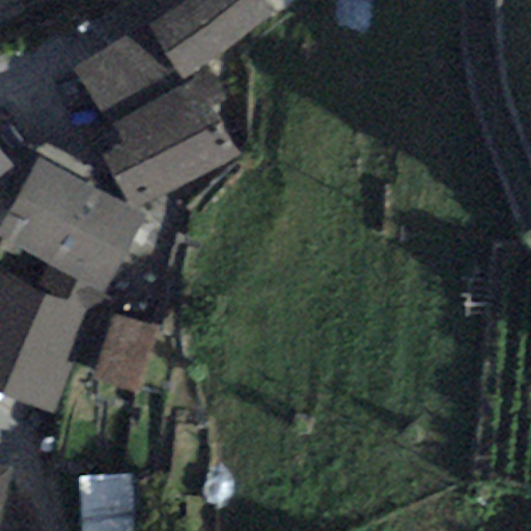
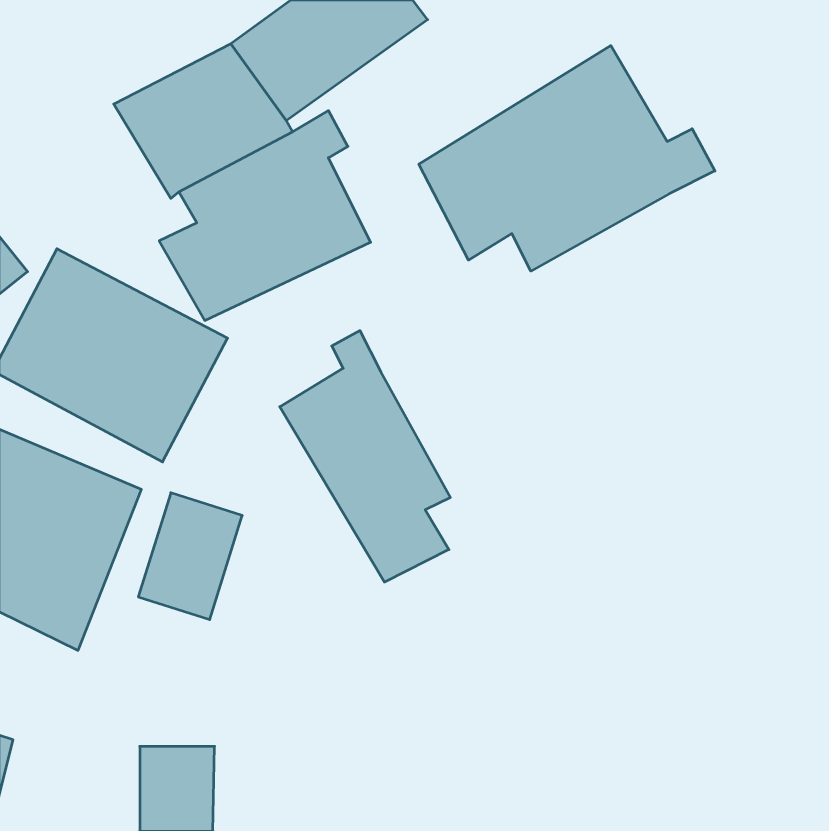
building: none -> [419,46,715,271]
building: none -> [280,331,450,582]

